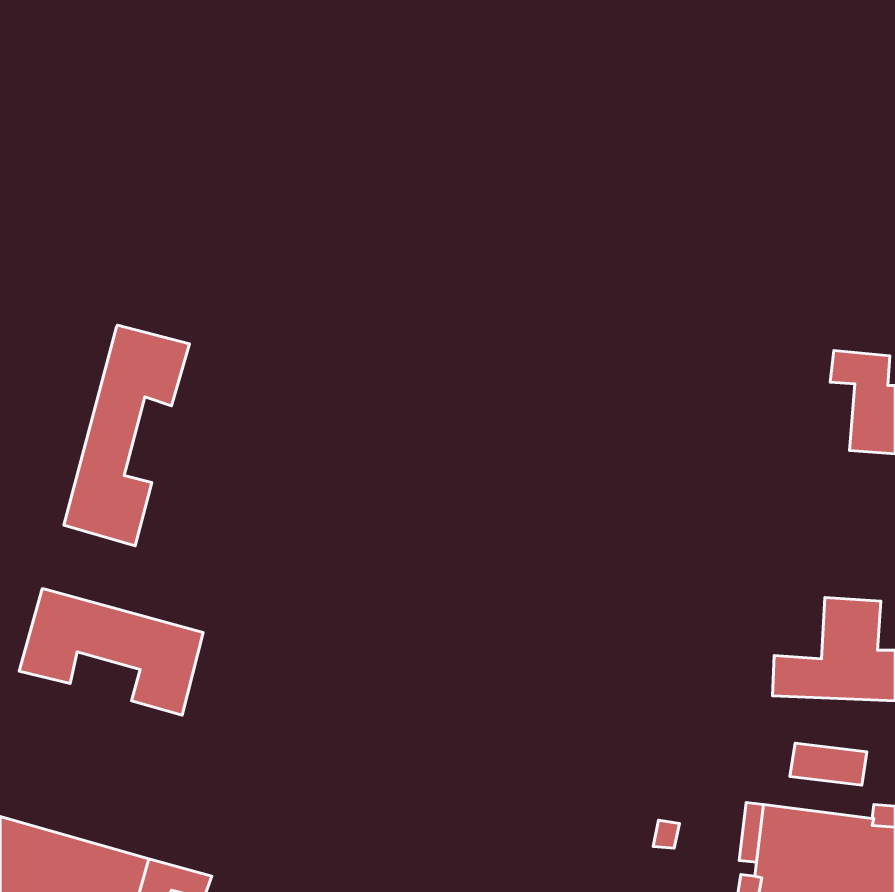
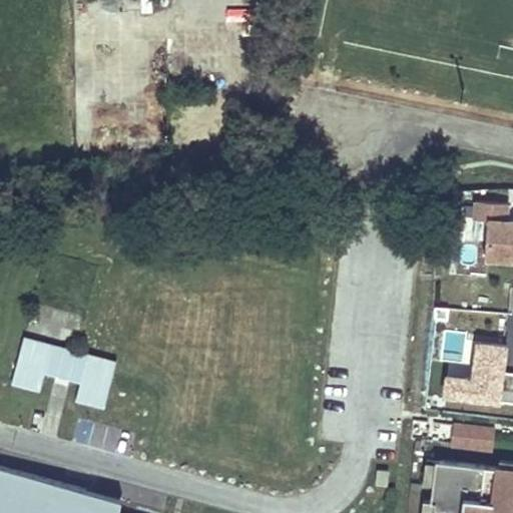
building: [64,325,190,546] -> none

